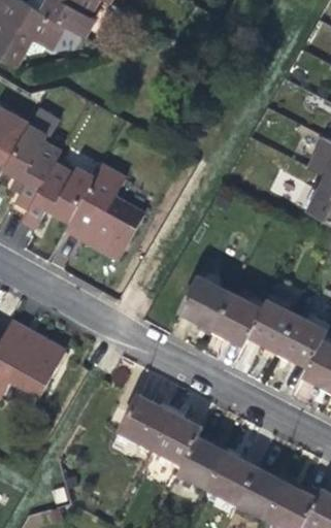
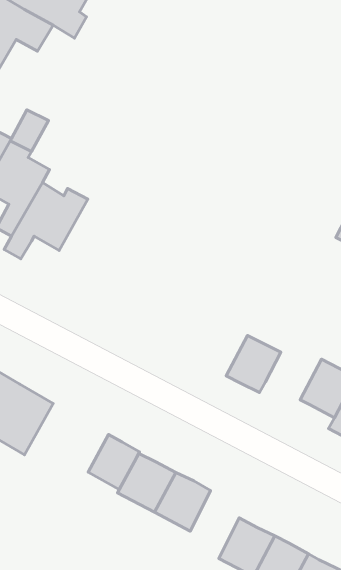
building: [63,165,142,260] -> none
building: [178,276,231,329] -> none
building: [246,299,295,350] -> none
building: none -> [88,434,139,490]
building: [176,436,224,487] -> none

